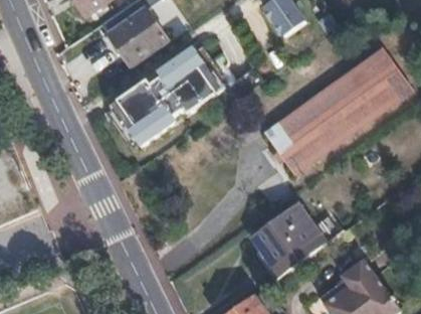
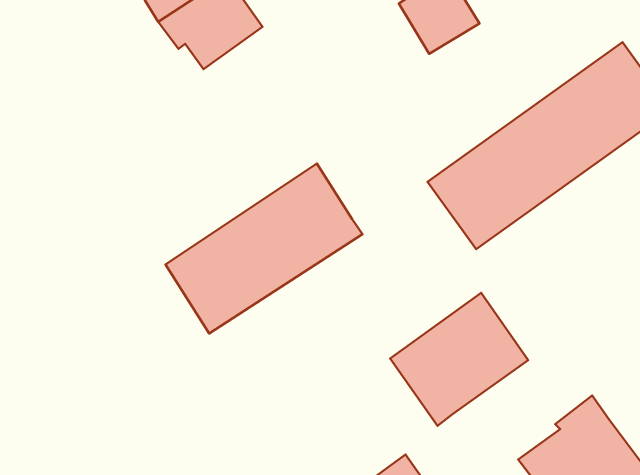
building: [109,44,226,146] -> [166,163,362,333]

